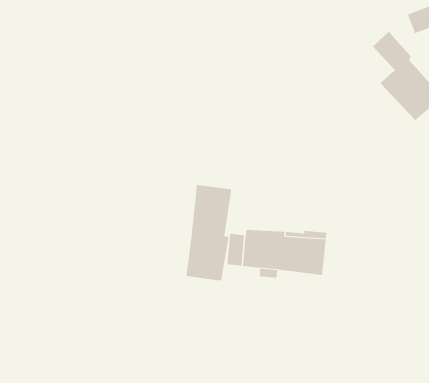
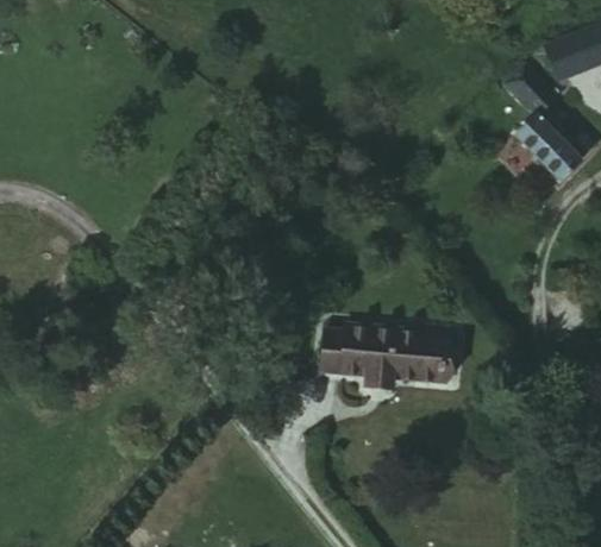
building: [186,184,232,281] -> none

